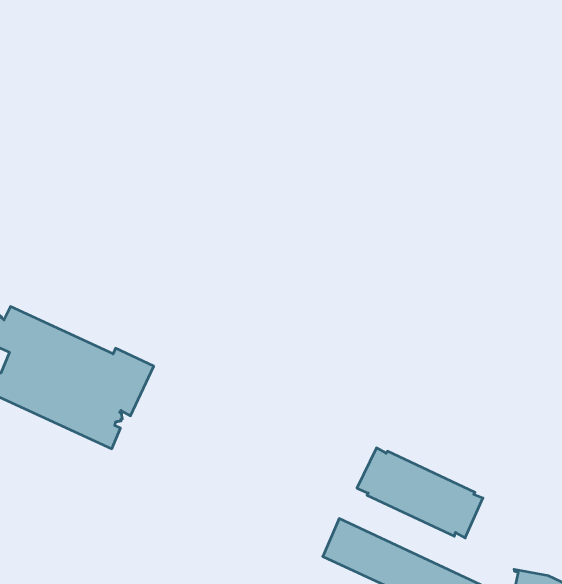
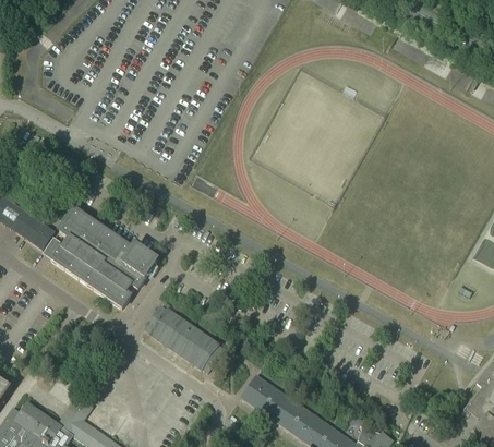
building: [357,448,483,538] -> [145,306,222,372]

